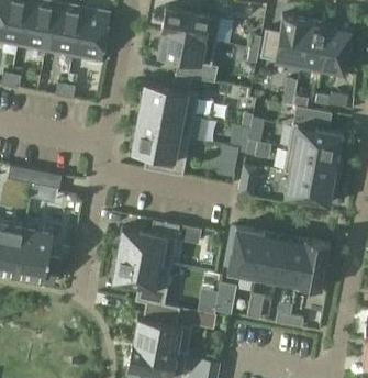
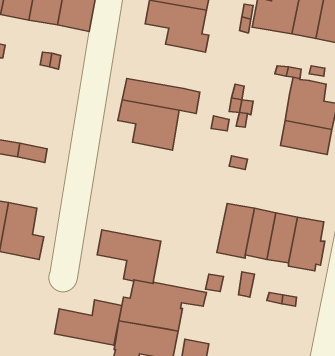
building: [140,75,199,118] -> none
building: [283,173,333,204] -> none
building: [115,221,180,265] -> [55,300,122,345]

